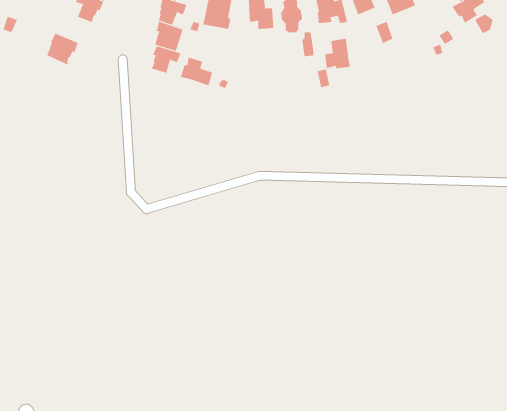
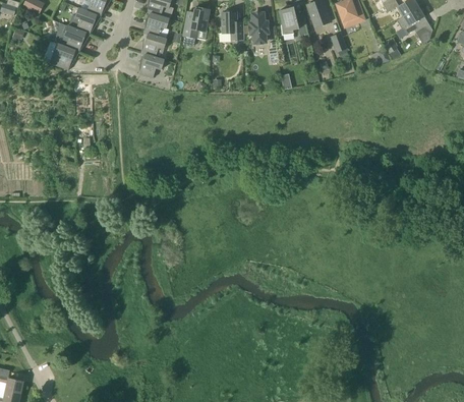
building: none -> [56,25,90,52]
building: [324,38,351,69] -> none
building: [180,57,213,86] -> none

